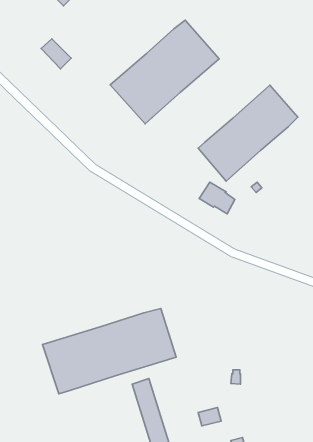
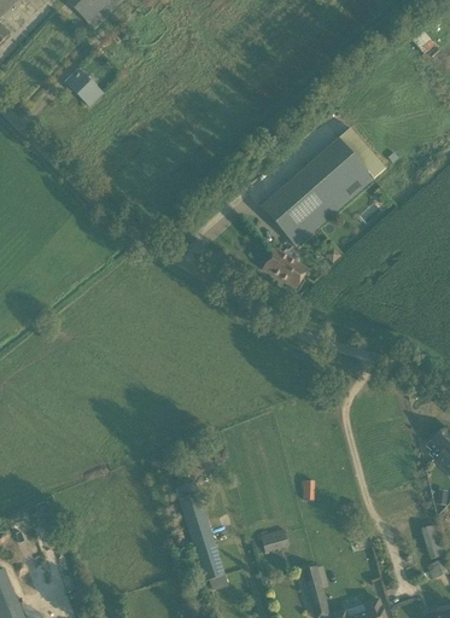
building: [110,20,219,124] -> none
building: [43,308,176,394] -> none

